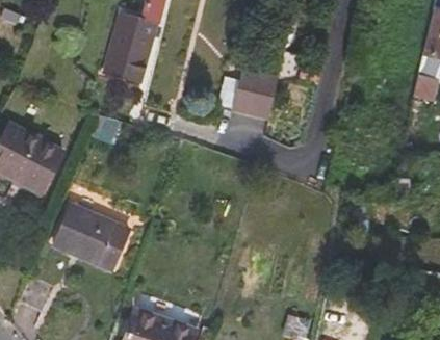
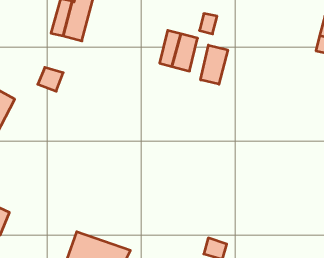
building: none -> [201,45,228,84]
building: [54,205,127,269] -> none

